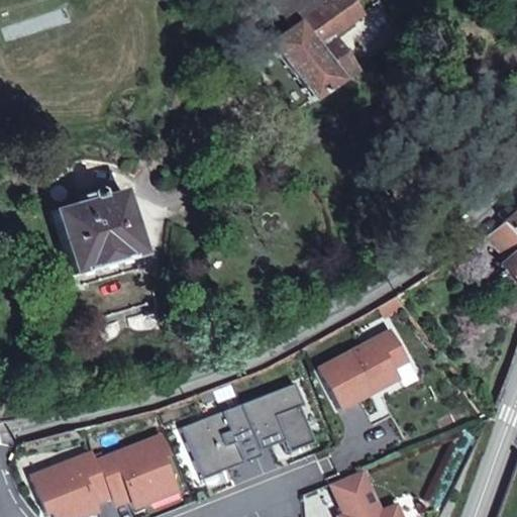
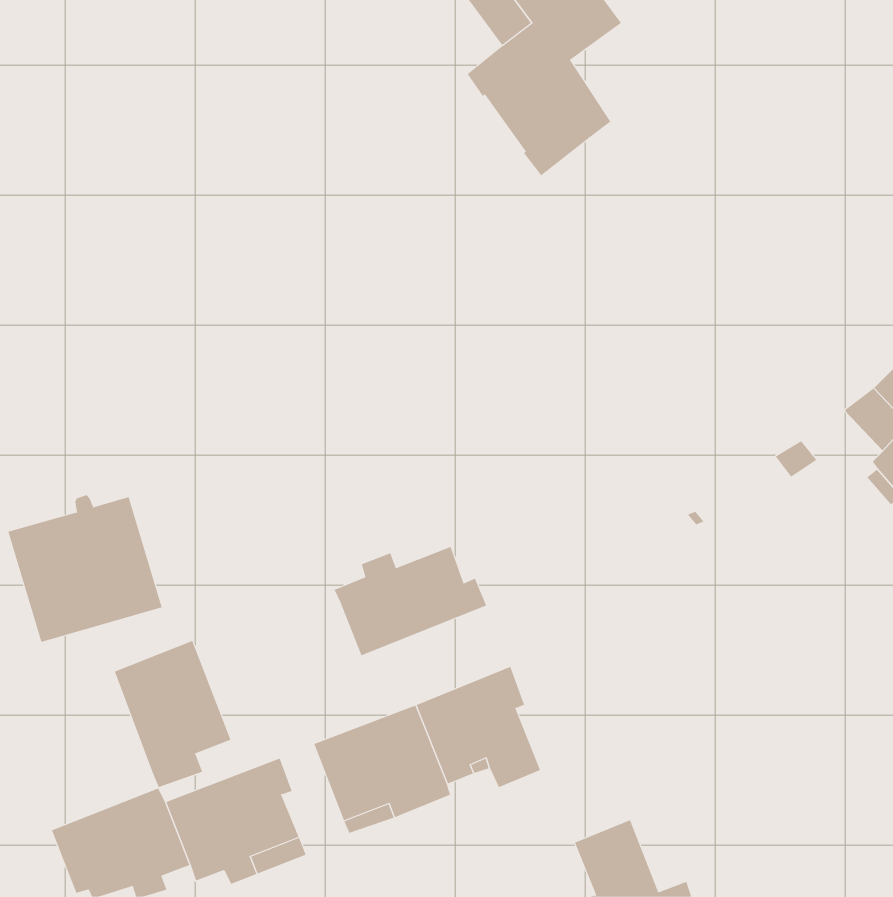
building: [57,189,145,274] -> [7,495,162,643]
building: none -> [334,546,487,656]
building: [321,329,409,408] -> none
building: none -> [114,640,231,788]

